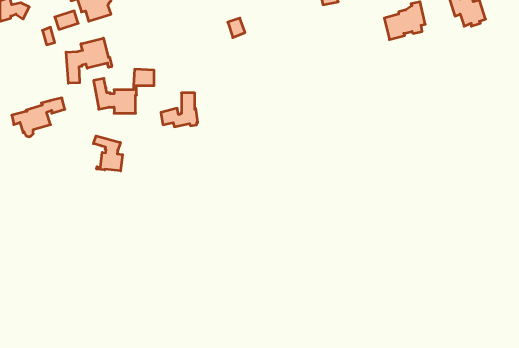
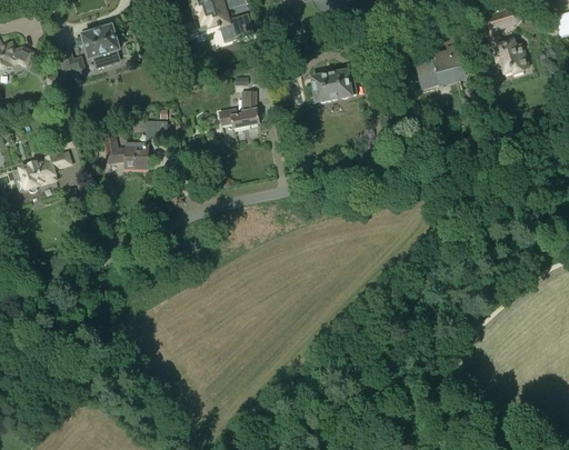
building: none -> [311,70,357,102]
building: [66,38,112,83] -> none
building: [161,93,198,127] -> [219,91,259,128]
building: [93,136,123,171] -> none

